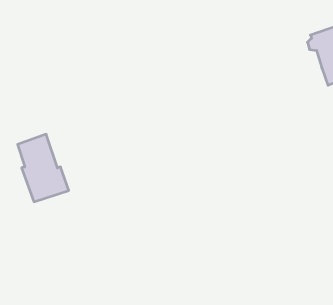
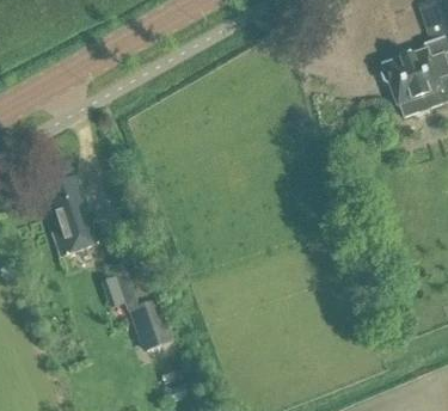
building: none -> [111,262,171,356]

